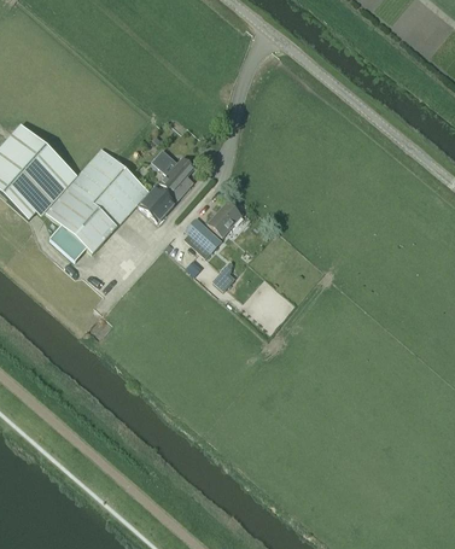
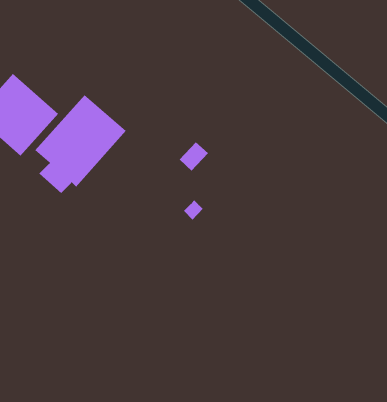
building: [140,156,196,221] -> none
building: [185,216,223,256] -> none

